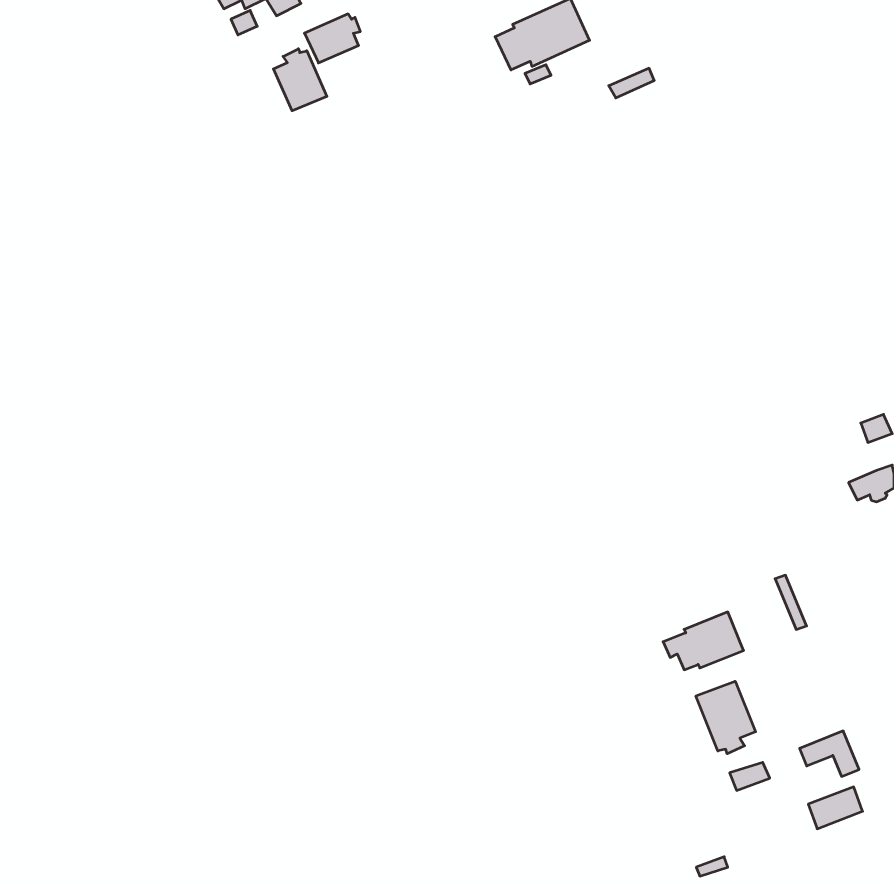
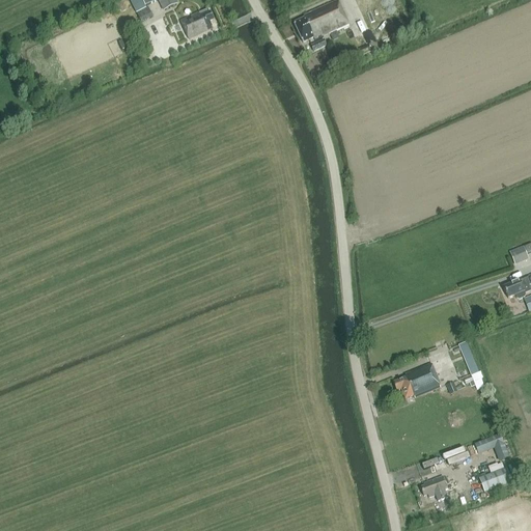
building: [273,49,327,111] -> none
building: [696,681,756,754] -> none
building: none -> [421,475,448,500]

